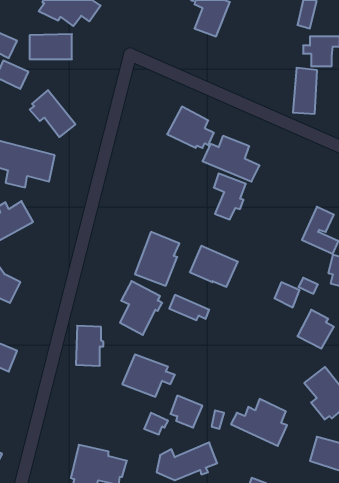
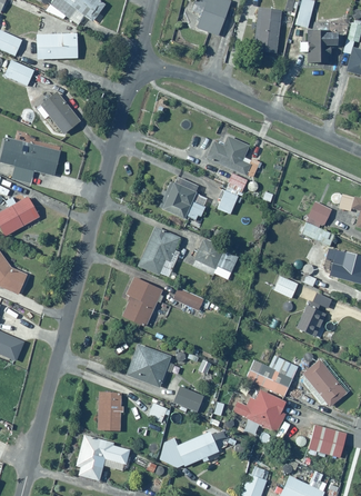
building: [293,68,317,114] -> [255,7,279,51]
building: [167,107,214,148] -> [160,180,205,220]
building: [76,326,103,366] -> [97,391,123,430]
building: none -> [243,355,298,397]

